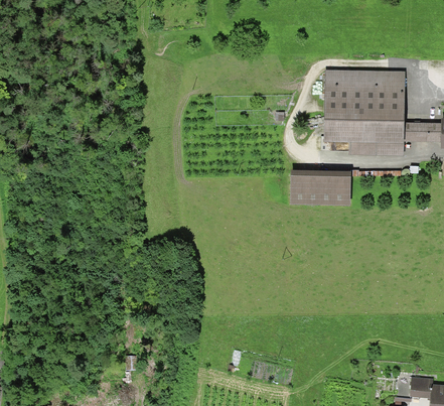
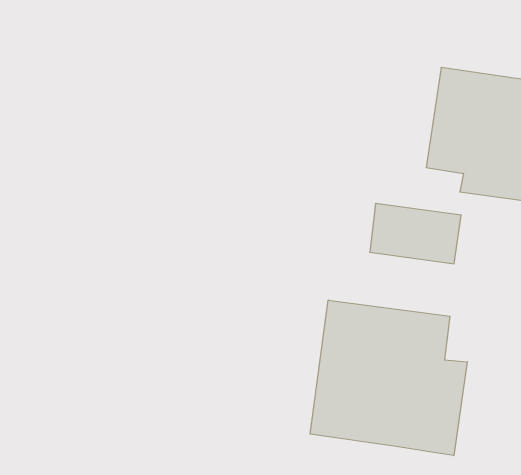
building: none -> [310,300,467,456]

